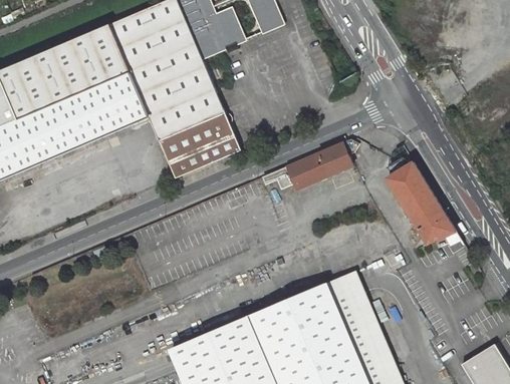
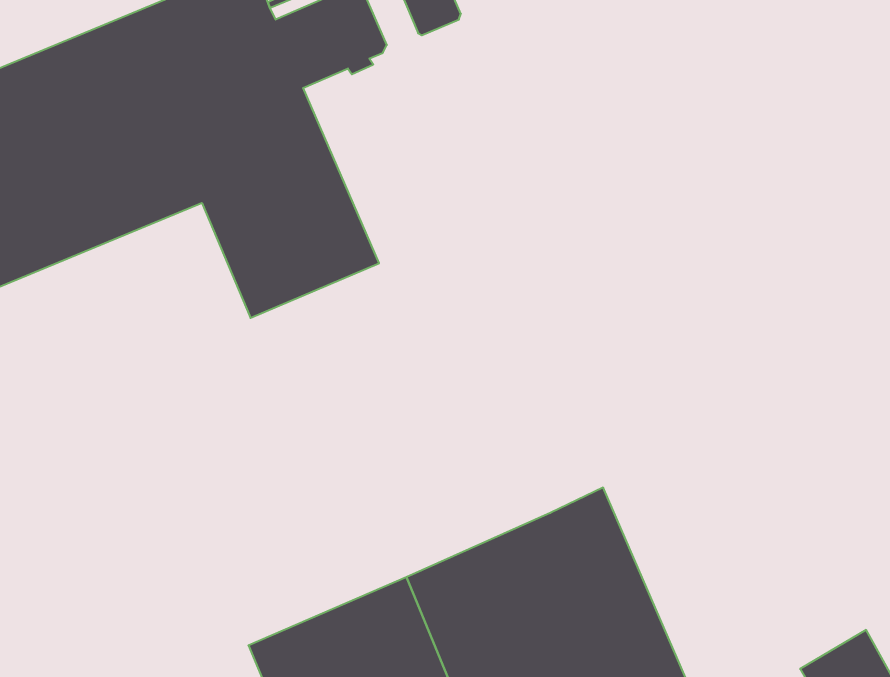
building: [262,140,358,189] -> none
building: [386,161,455,243] -> none

